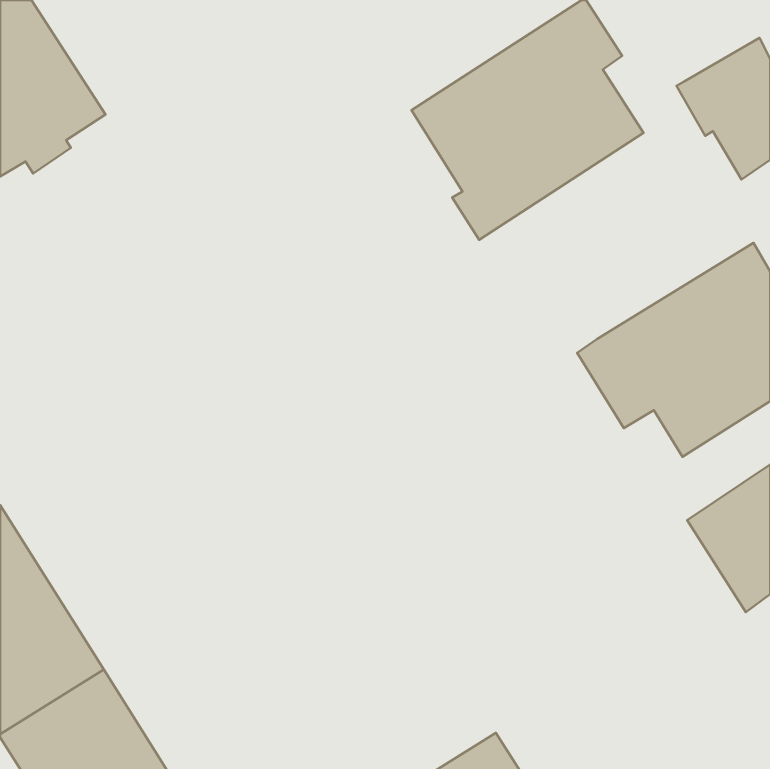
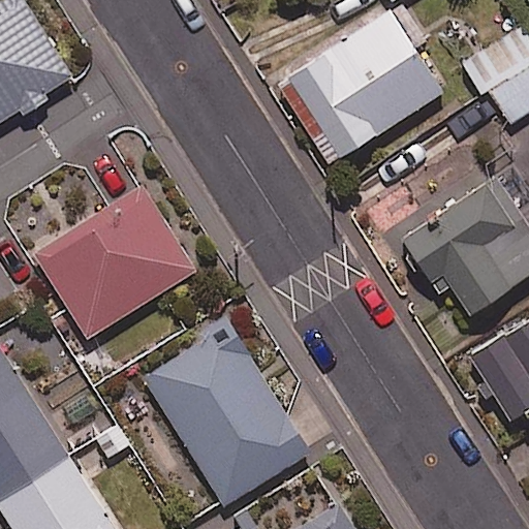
building: none -> [34,186,194,338]
building: none -> [144,324,308,506]

